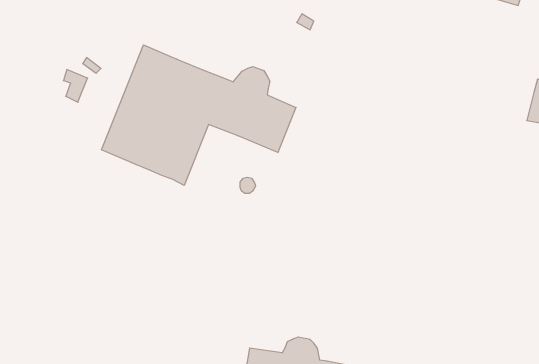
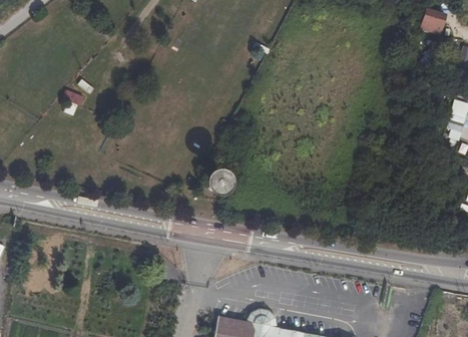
building: [102,45,296,185] -> none

